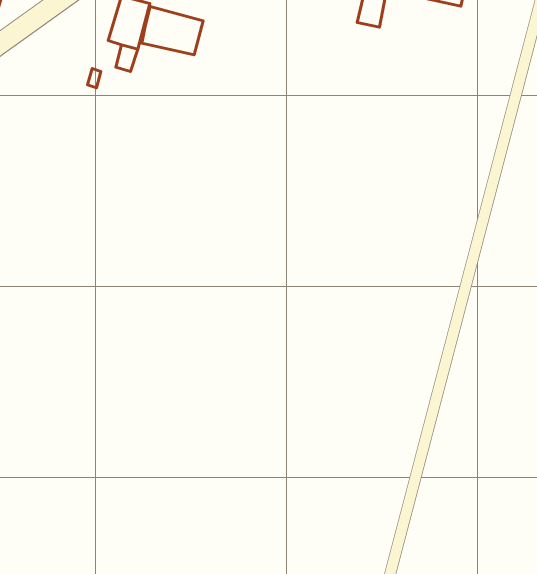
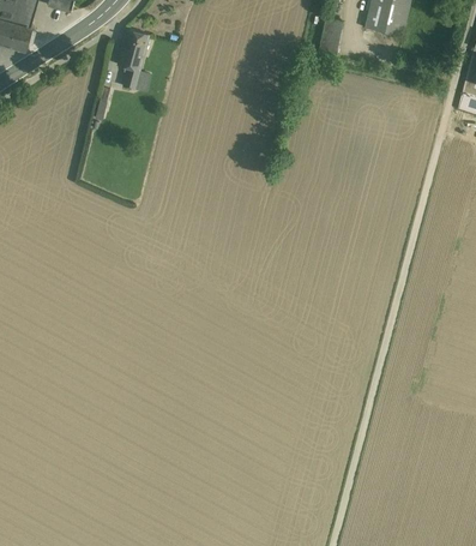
building: [142,7,203,55] -> none

